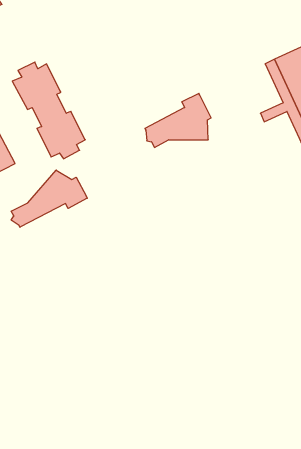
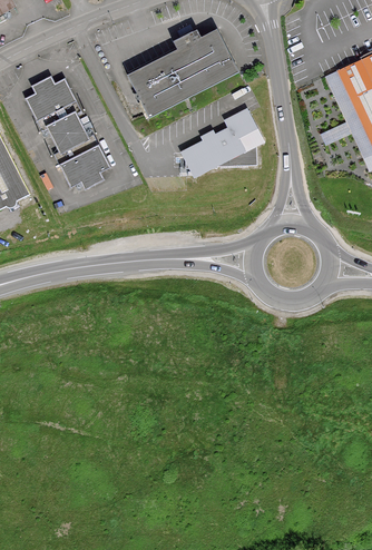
building: none -> [126,28,238,118]
building: [11,170,87,227] -> none

